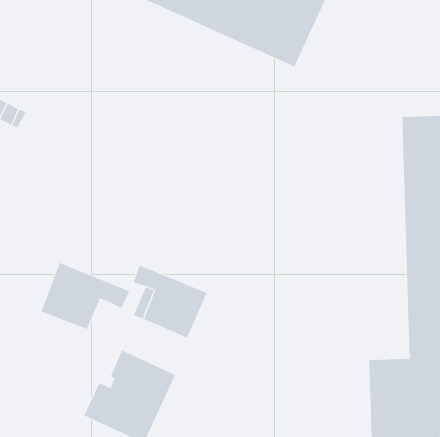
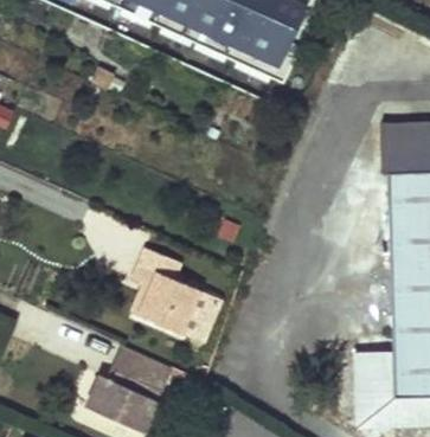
building: [41,262,130,330] -> none
building: none -> [182,290,224,342]

